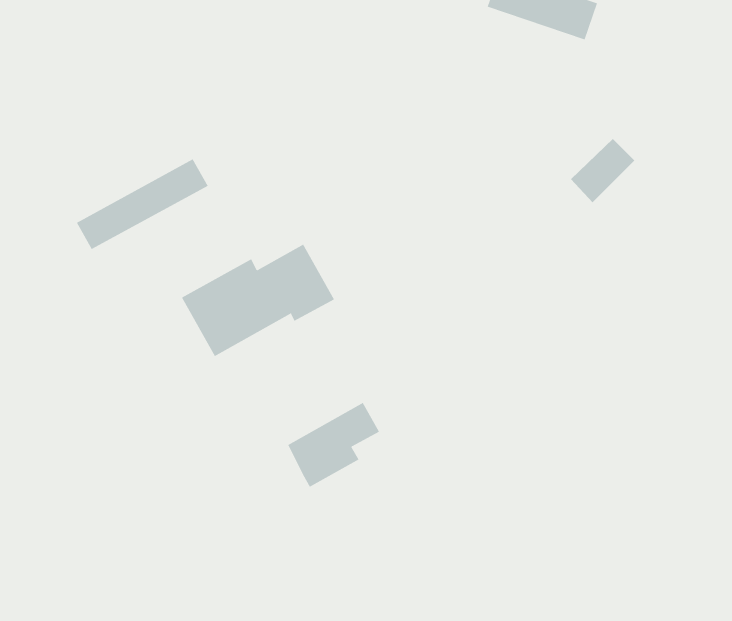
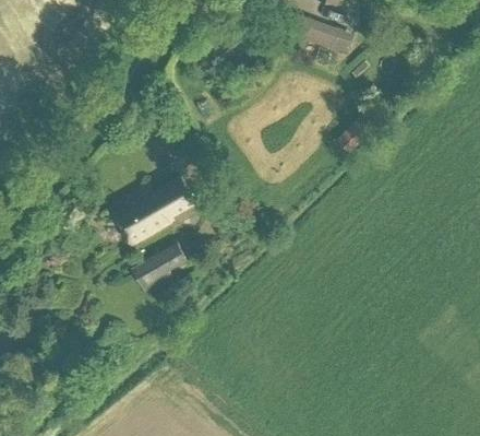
building: [76,159,208,250] -> none
building: [287,402,380,487] -> [132,243,187,293]

